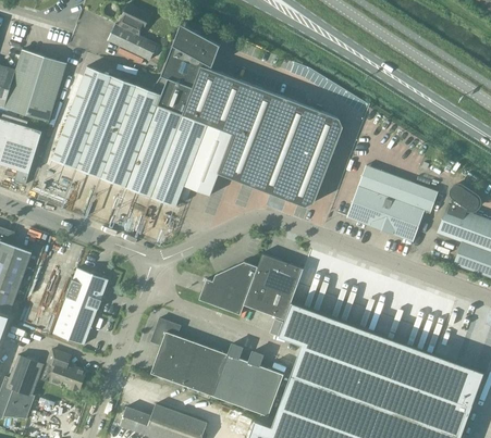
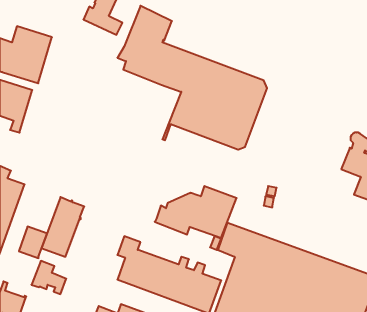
building: [51,66,232,207] -> none
building: [346,166,438,242] -> none
building: [7,356,42,397] -> [19,227,47,258]

